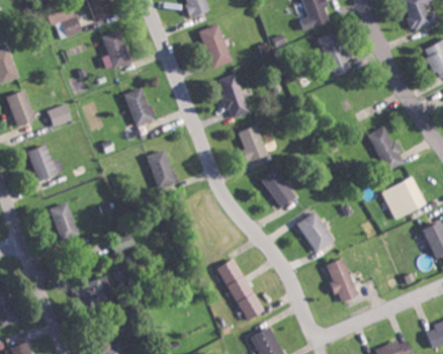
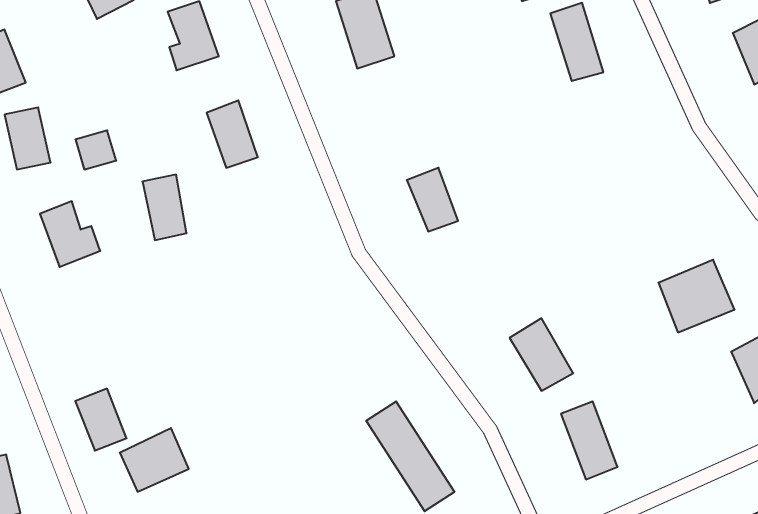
building: [218,76,247,117] -> none
building: [367,126,402,171] -> none
building: [148,150,173,187] -> [142,175,187,240]
building: [262,171,294,207] -> none
building: [49,202,78,238] -> [75,389,127,451]

